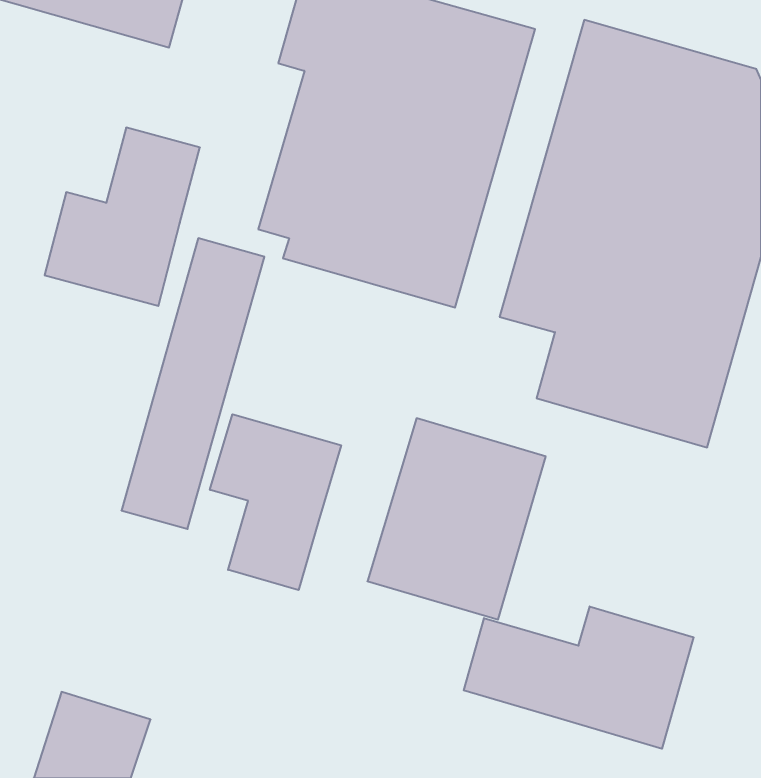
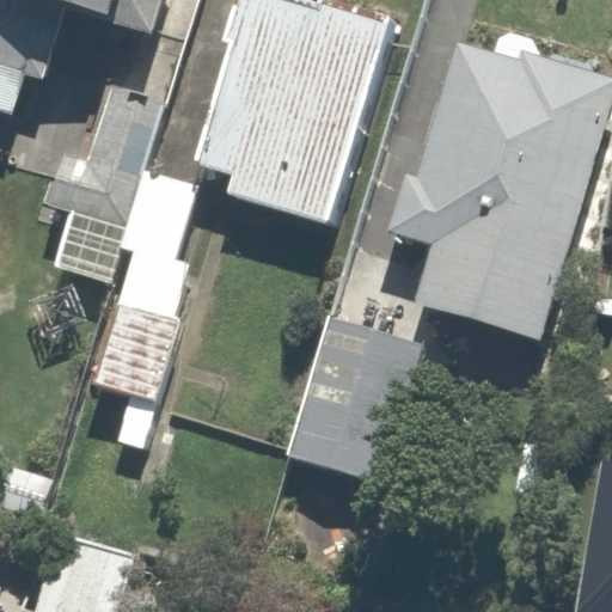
building: [210,414,341,590] -> none
building: [464,606,694,749] -> none

